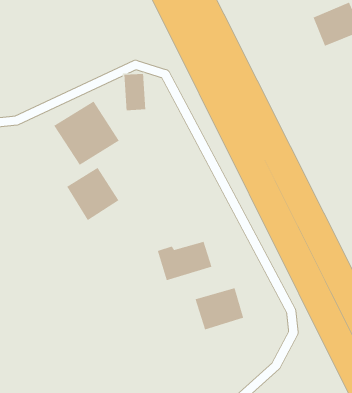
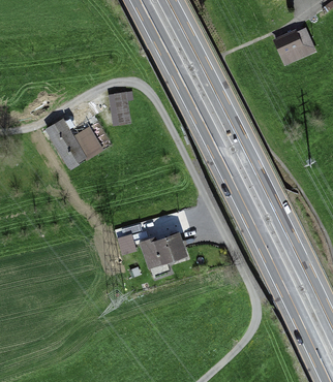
building: [66,167,120,221] -> none
building: [195,287,244,330] -> none

